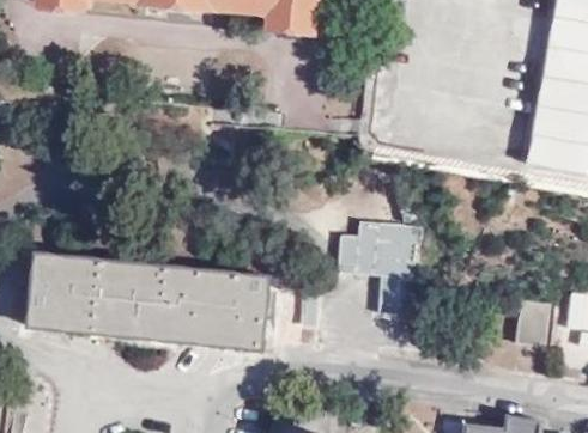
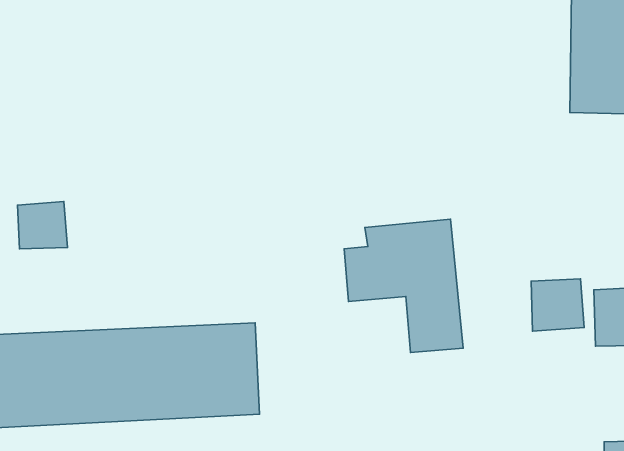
building: none -> [17,202,67,249]
building: none -> [531,279,584,331]

